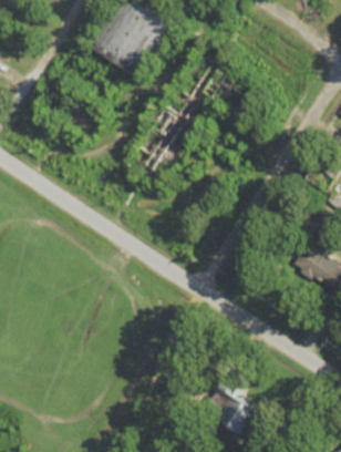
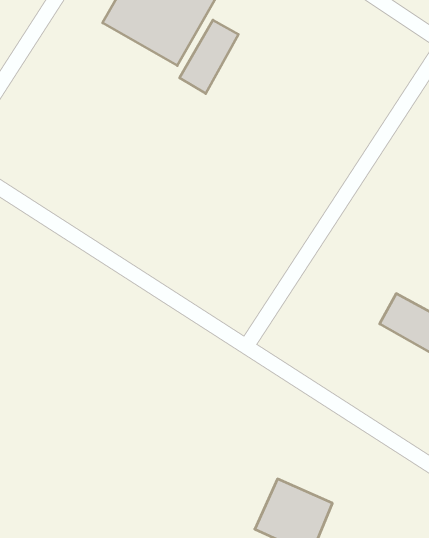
building: none -> [180,20,238,94]

